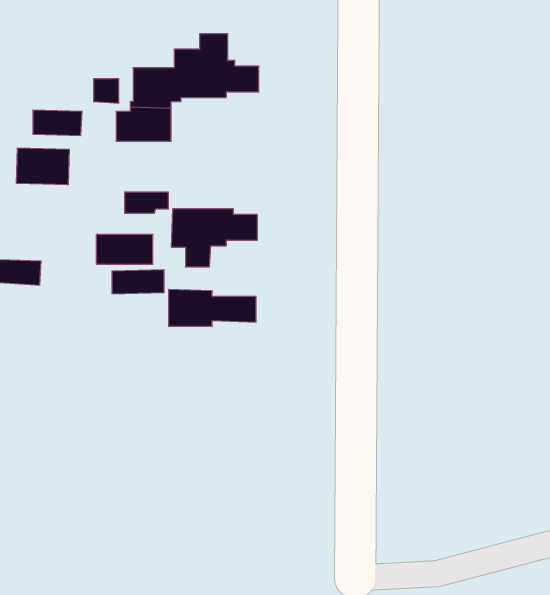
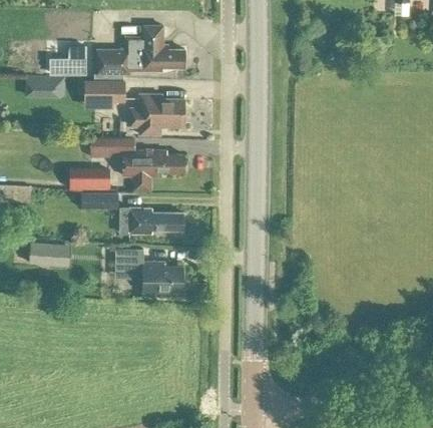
building: none -> [129,94,183,135]
building: [17,148,69,185] -> none
building: none -> [29,244,70,267]
building: none -> [114,250,182,291]

